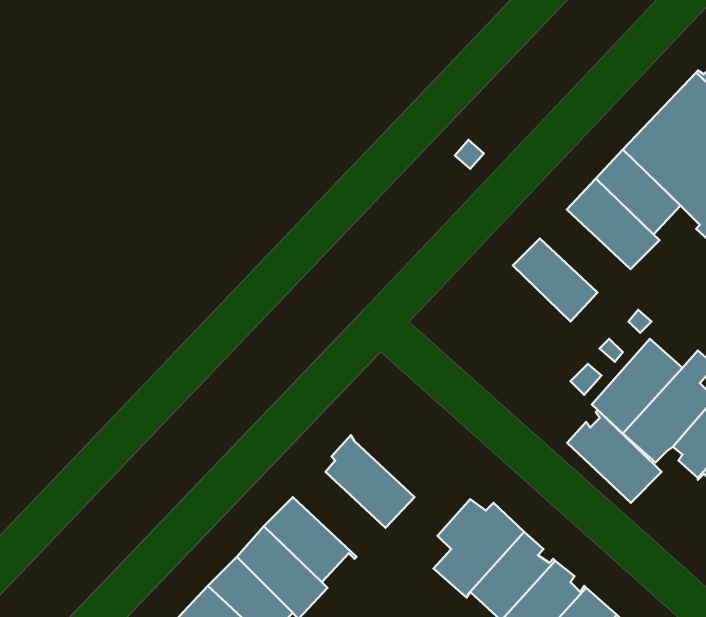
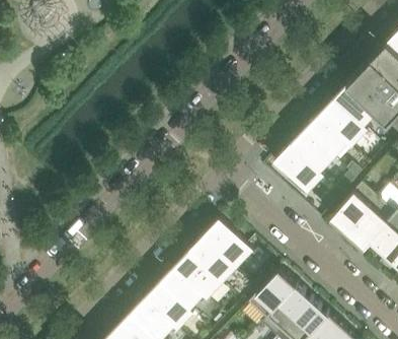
building: none -> [303,117,347,160]
building: none -> [206,220,252,268]
building: [567,410,662,503] -> [272,146,322,195]
building: none -> [173,252,222,299]

